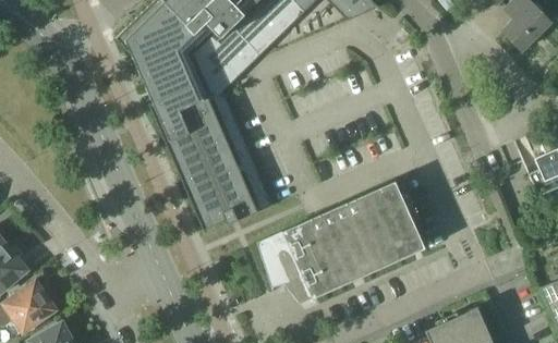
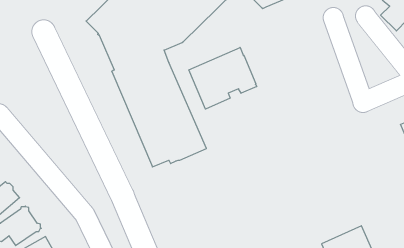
building: none -> [189,47,257,109]
building: [257,182,426,305] -> none

